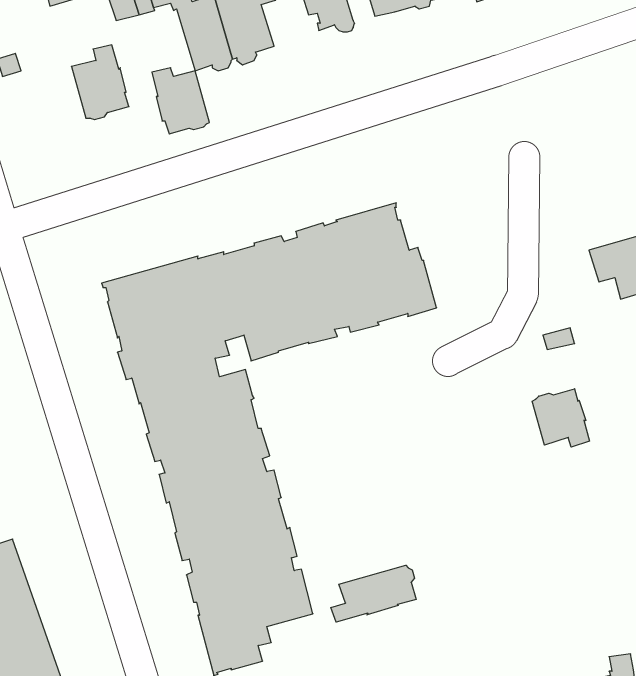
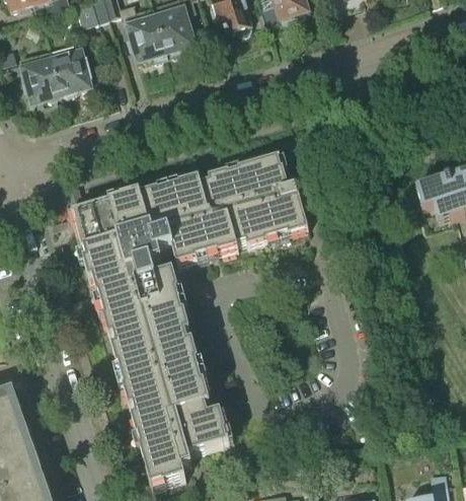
building: [152,68,209,134] -> [21,56,62,102]
building: [532,389,589,447] -> none
building: [331,565,416,622] -> none

